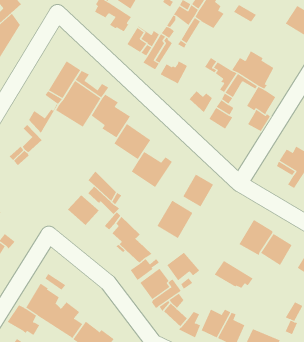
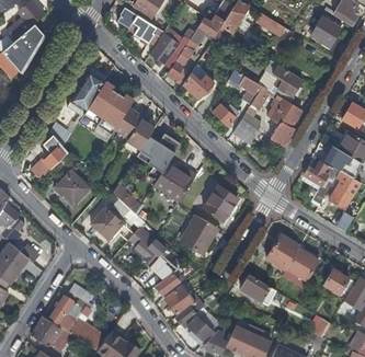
building: none -> [54,168,90,201]
building: [167,252,200,281] -> none

